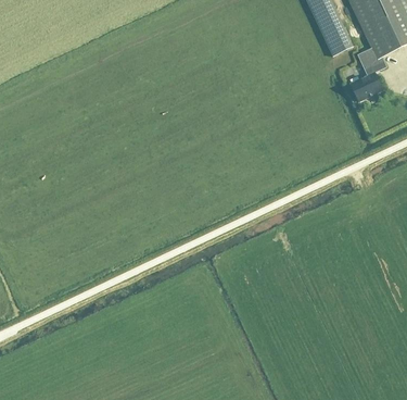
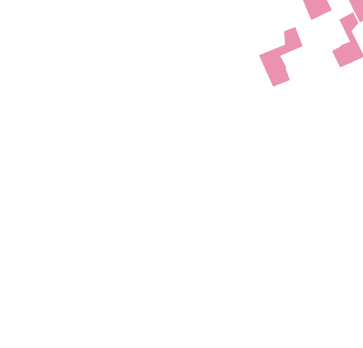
building: none -> [258,26,303,87]

